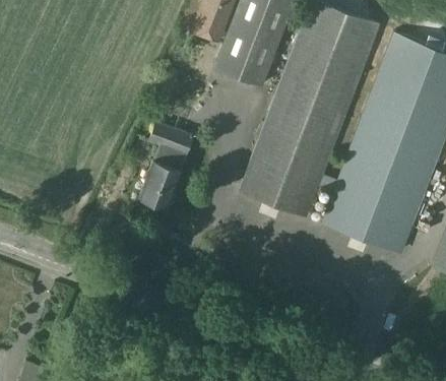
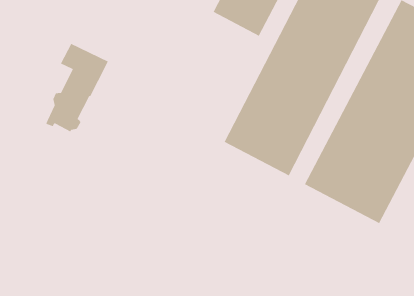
building: [139,123,193,209] -> [45,43,109,133]

